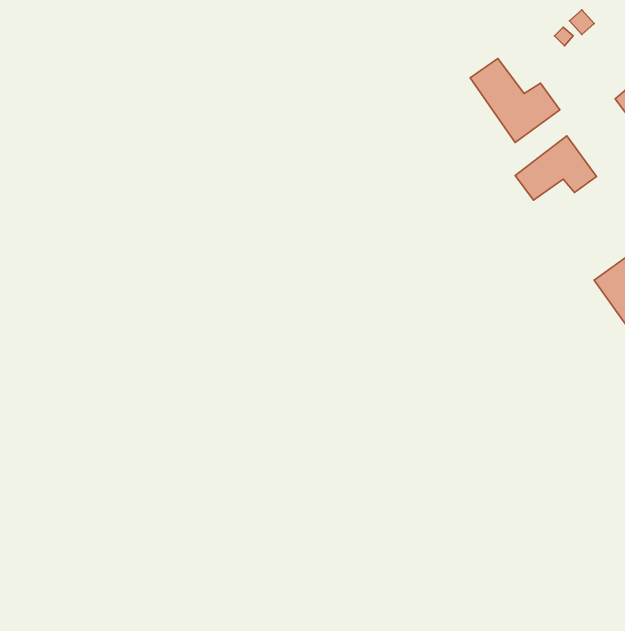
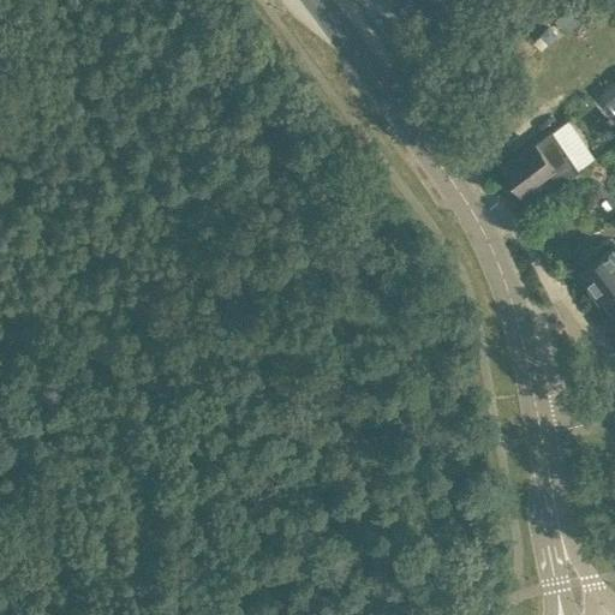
building: [470,58,560,142] -> none

